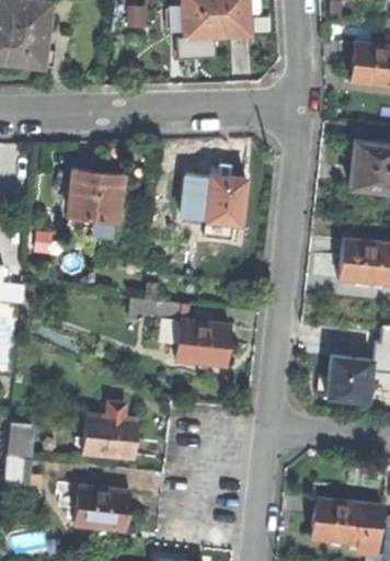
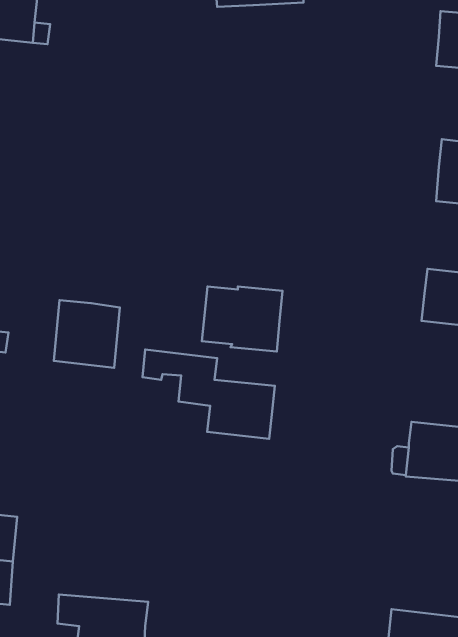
building: [69,171,119,222] -> [54,300,120,368]
building: [182,175,243,225] -> [202,286,282,351]
building: [84,405,138,459] -> none

